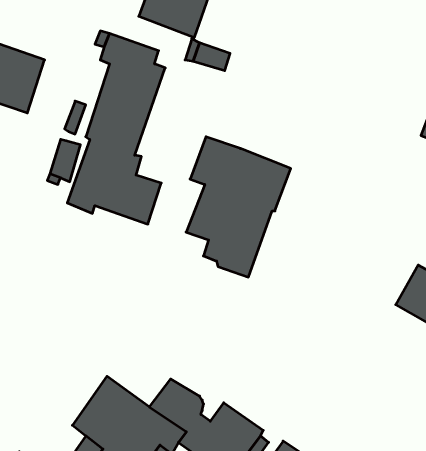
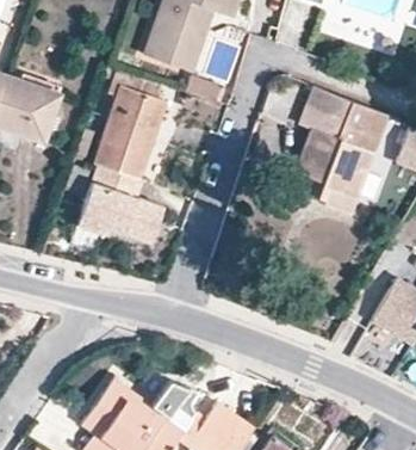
building: [186,137,291,277] -> [296,87,390,214]

